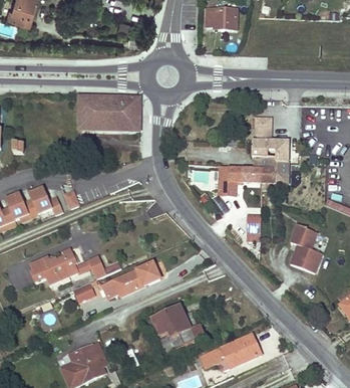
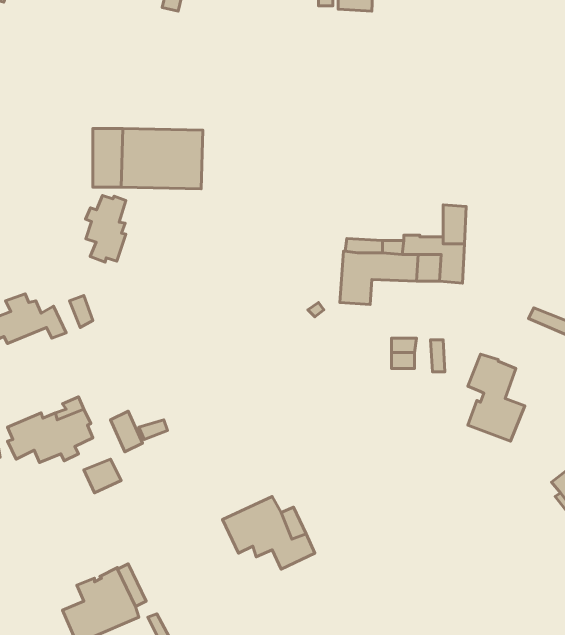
building: [251,117,271,157] -> none
building: none -> [86,196,126,262]
building: [102,262,160,298] -> none
building: [200,333,261,367] -> none

